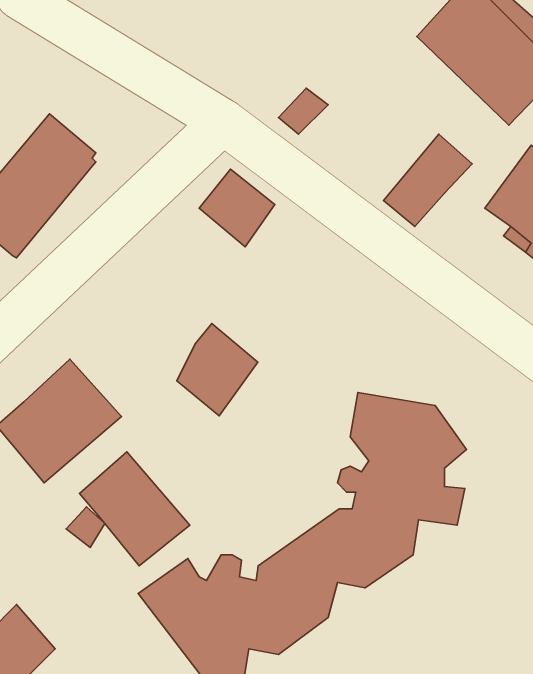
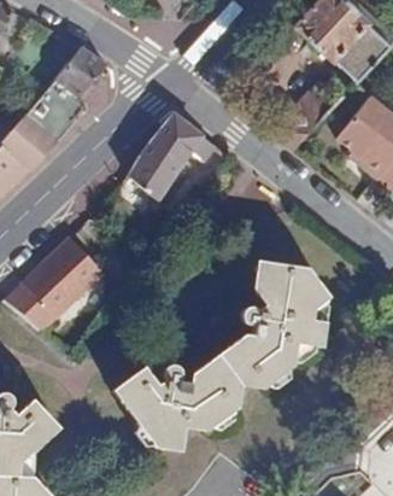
building: none -> [55,46,105,103]
building: [177,324,258,416] -> [130,139,183,199]
building: [80,452,190,566] -> none

